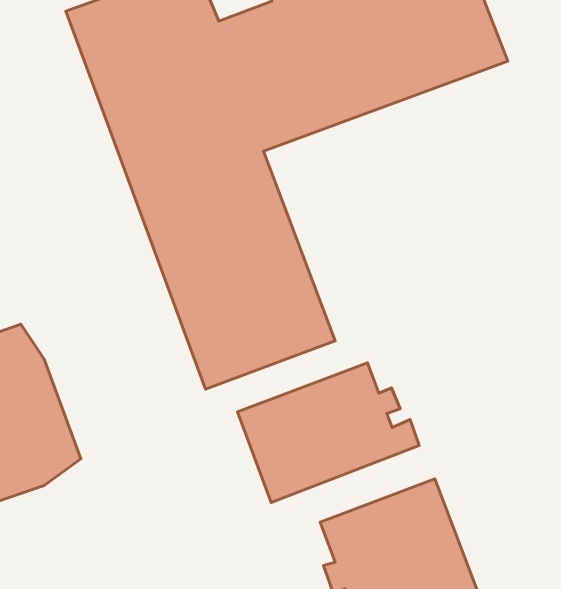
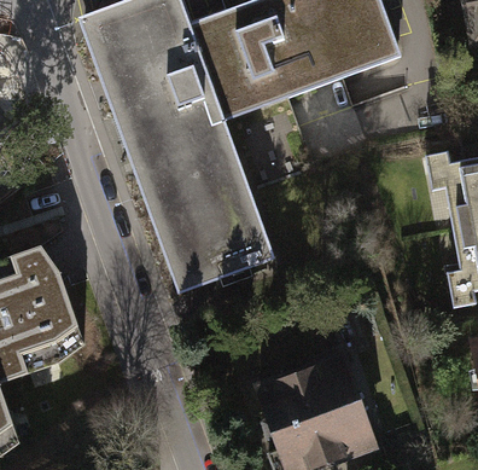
building: [237,363,419,502] -> none

